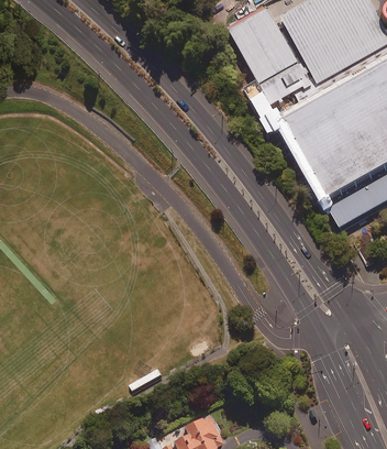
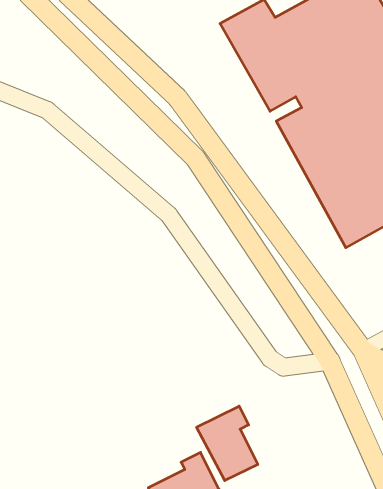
building: none -> [197,406,258,481]

